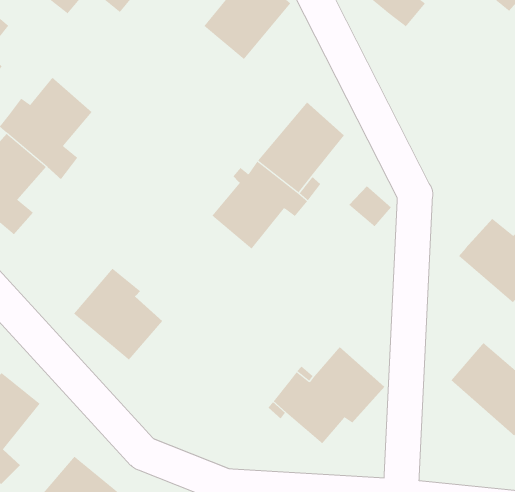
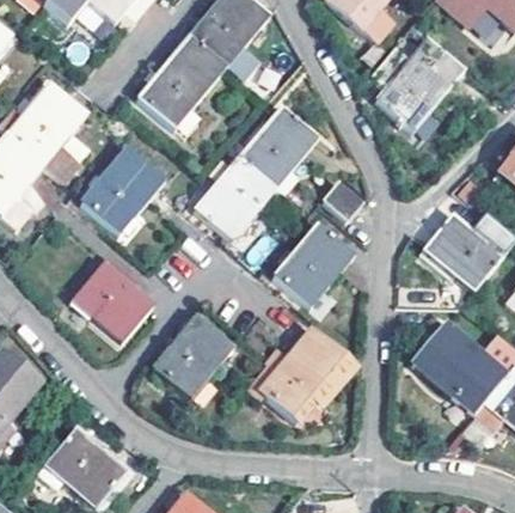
building: none -> [140,36,227,128]
building: none -> [374,38,465,129]
building: none -> [84,151,164,233]
building: none -> [272,222,356,306]
building: none -> [155,314,237,397]

